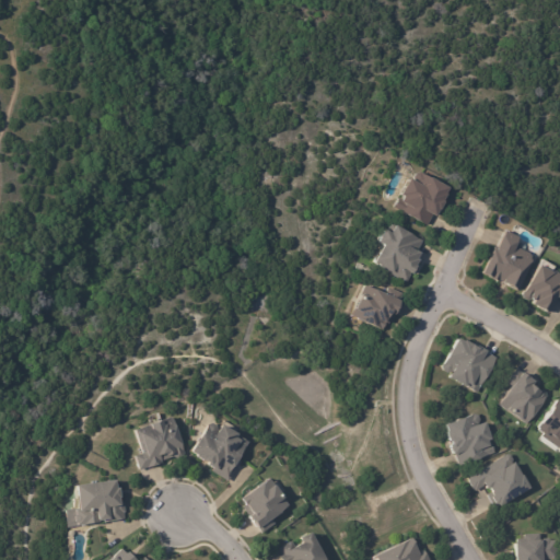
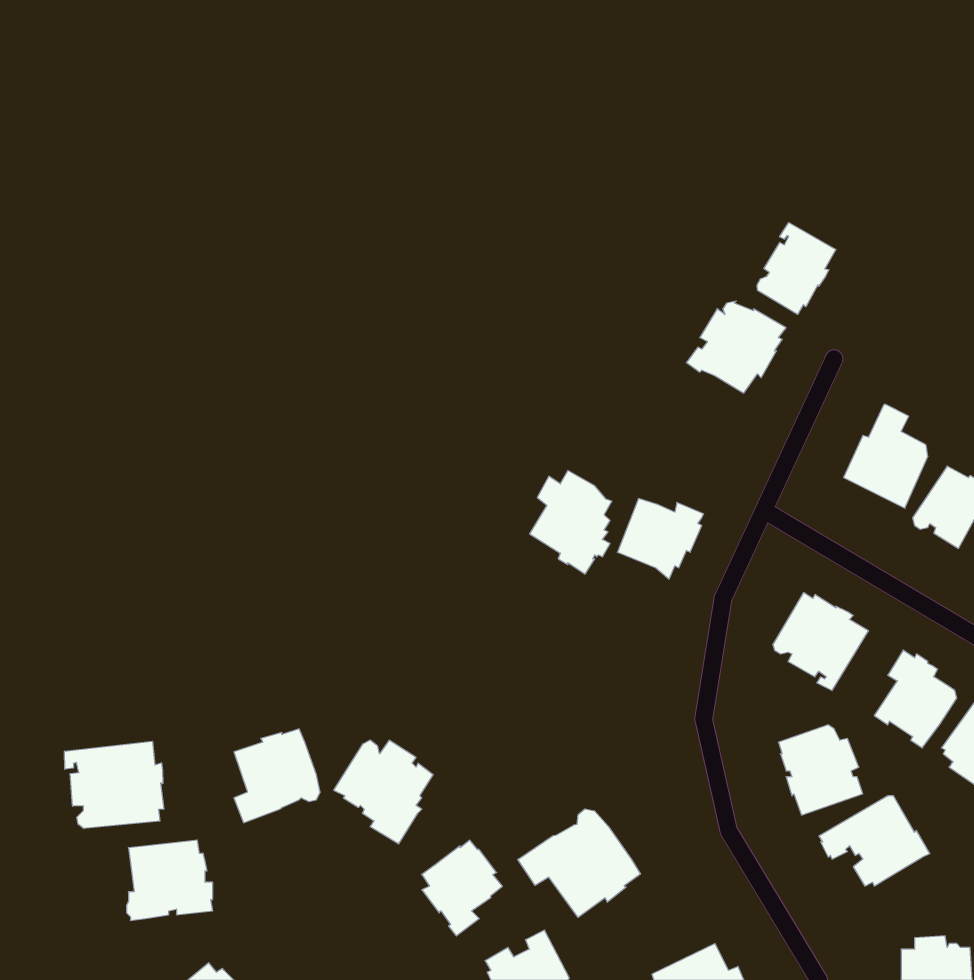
building: none -> [757,223,836,314]
building: [375,226,422,285] -> [530,471,612,574]
building: none -> [65,741,164,829]
building: none -> [518,809,640,917]

